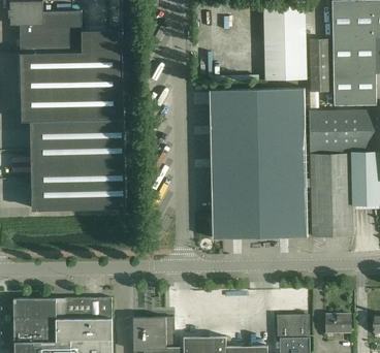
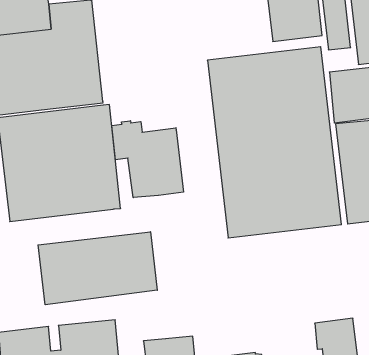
building: none -> [112,121,183,198]
building: none -> [38,232,157,305]

